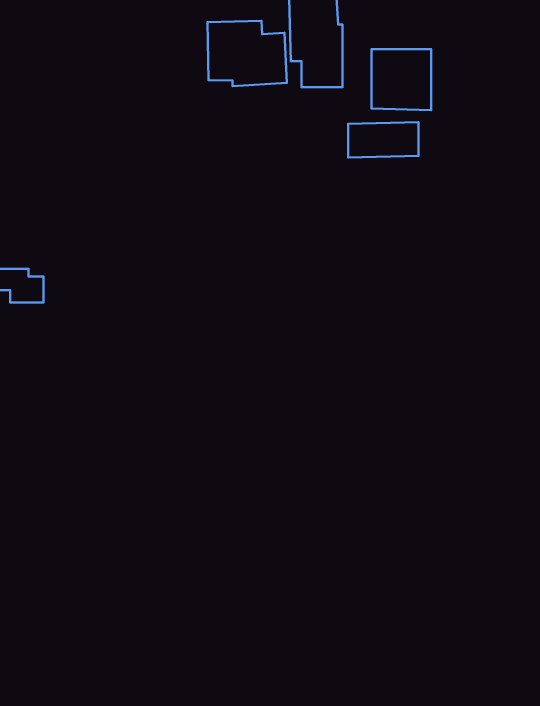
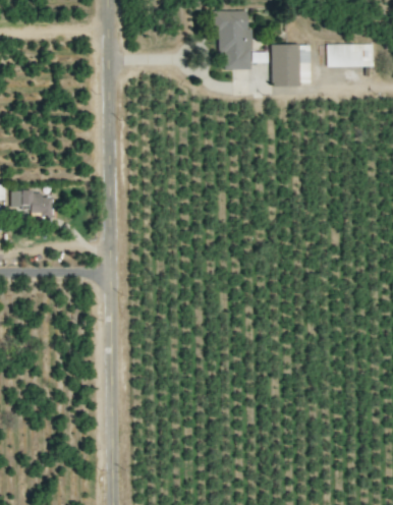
building: [207,21,287,86] -> none
building: [348,122,418,157] -> [327,44,374,67]

